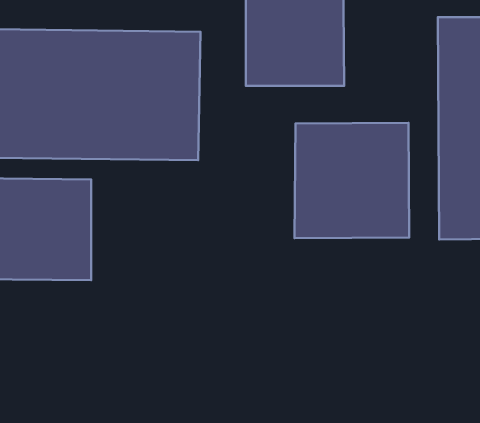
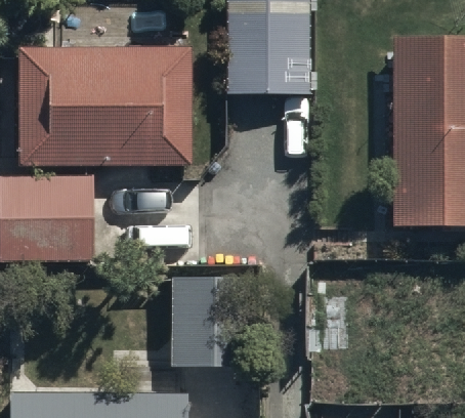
building: [295,123,409,238] -> none
building: none -> [169,279,253,361]

